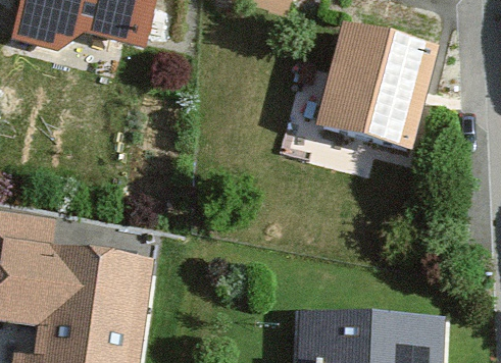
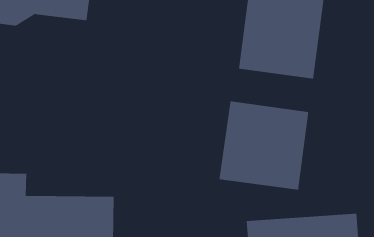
building: none -> [219,101,309,191]

